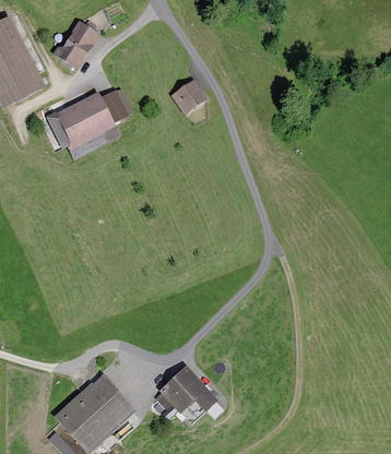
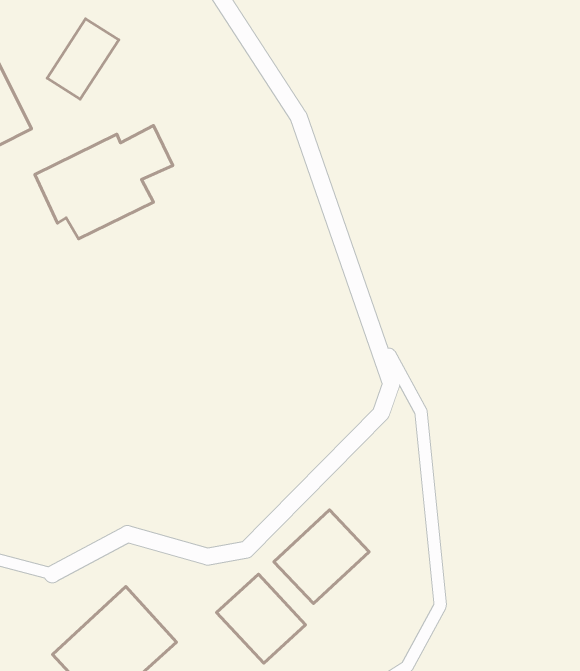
building: [170,77,209,116] -> none
building: none -> [274,510,369,604]

